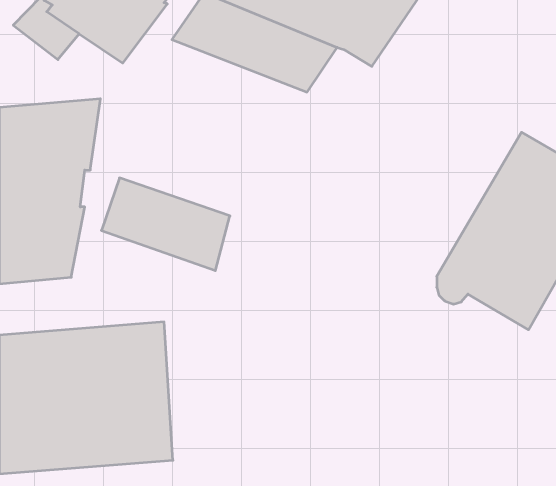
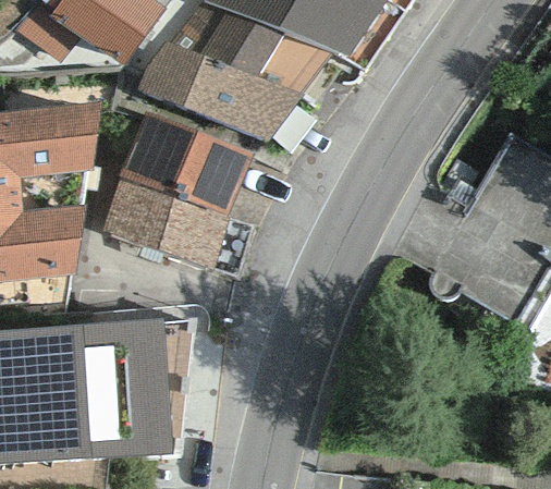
building: none -> [135,40,301,142]
building: none -> [118,110,252,215]

